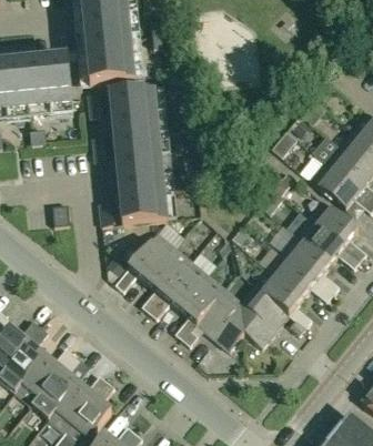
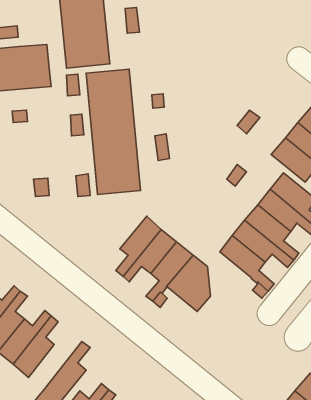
building: [115,232,174,290] -> none
building: [240,284,288,346] -> none
building: [47,375,104,433] -> none

